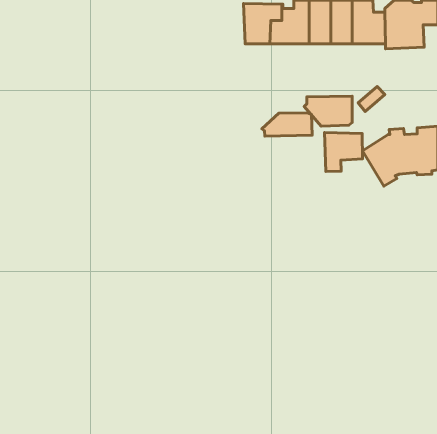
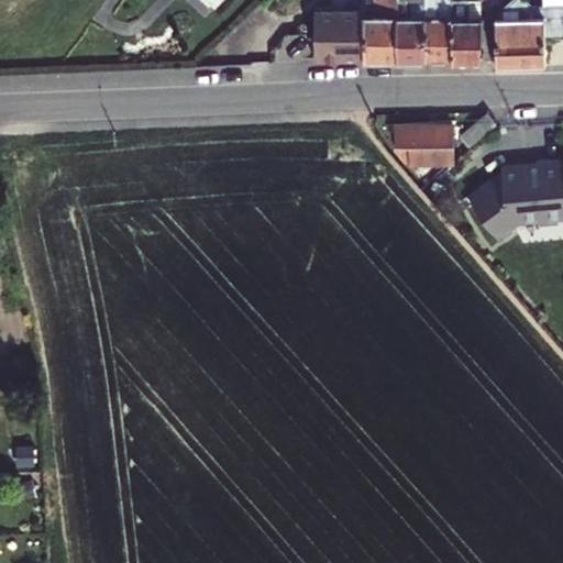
building: [262,113,312,136] -> none
building: [324,133,363,172] -> none

